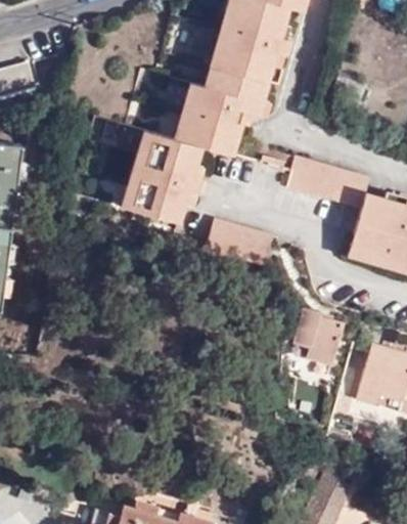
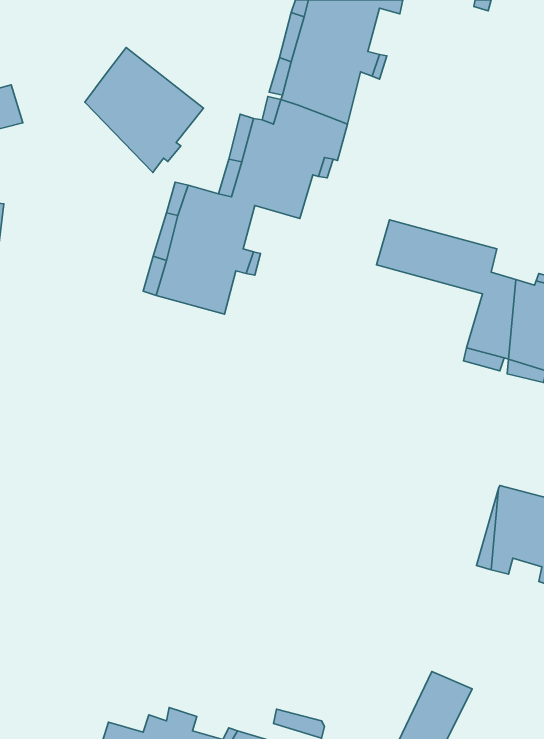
building: none -> [85,47,203,173]
building: [206,219,273,267] -> none
building: [291,307,342,364] -> none

